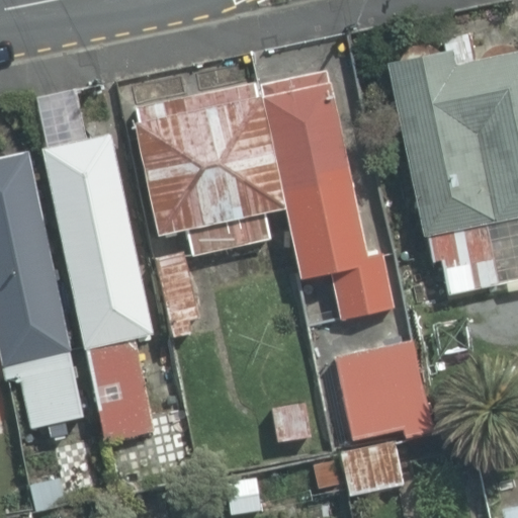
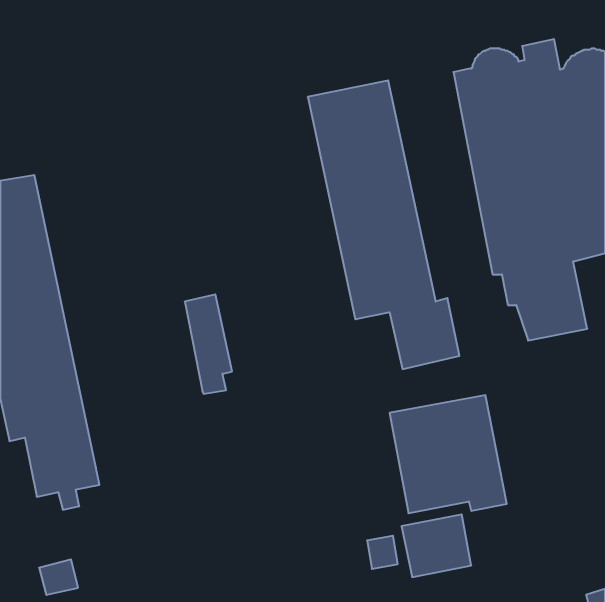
building: [138,85,286,255] -> none
building: [30,90,153,443] -> none

